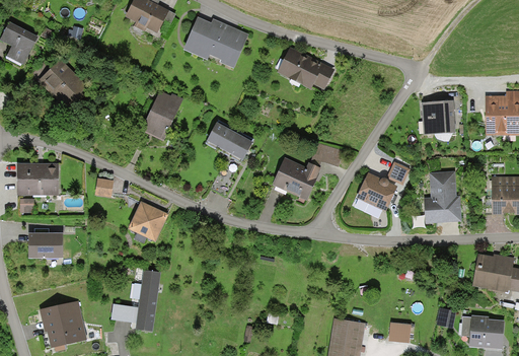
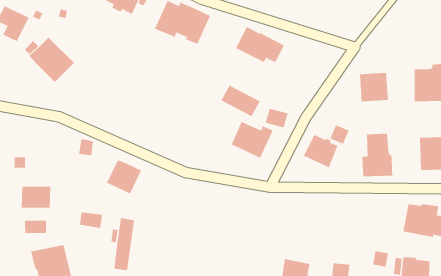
building: [142,90,183,141] -> none
building: [207,123,253,160] -> [221,85,261,117]
building: [17,163,59,196] -> none
building: none -> [24,220,47,234]
building: [112,304,139,324] -> [79,212,103,228]

